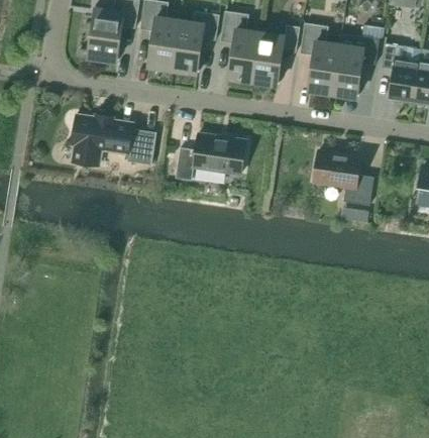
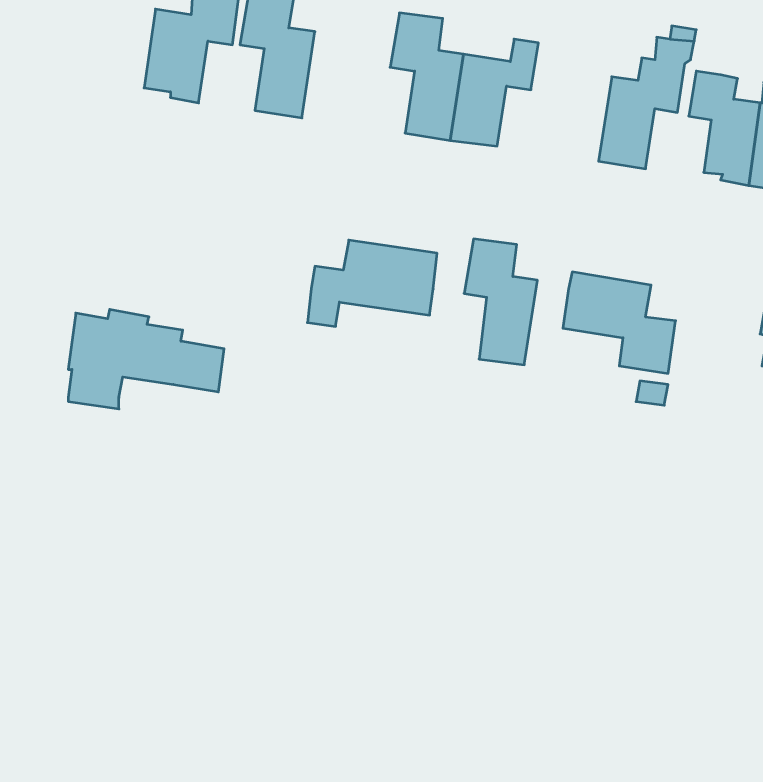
building: [173,12,219,72] -> none
building: [300,24,339,92] -> [464,239,537,365]
building: [72,113,155,167] -> [68,309,224,409]

